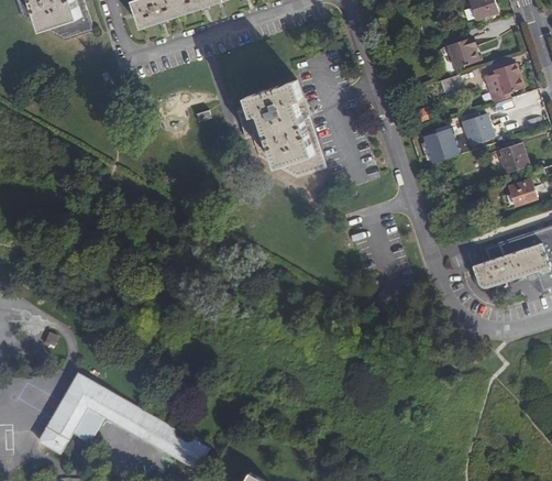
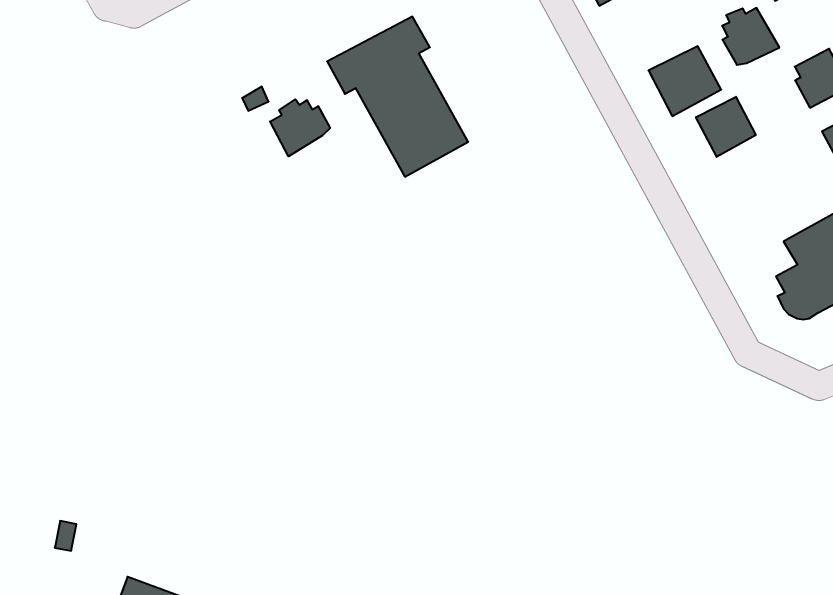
building: none -> [270,99,330,156]
building: none -> [696,97,756,157]

